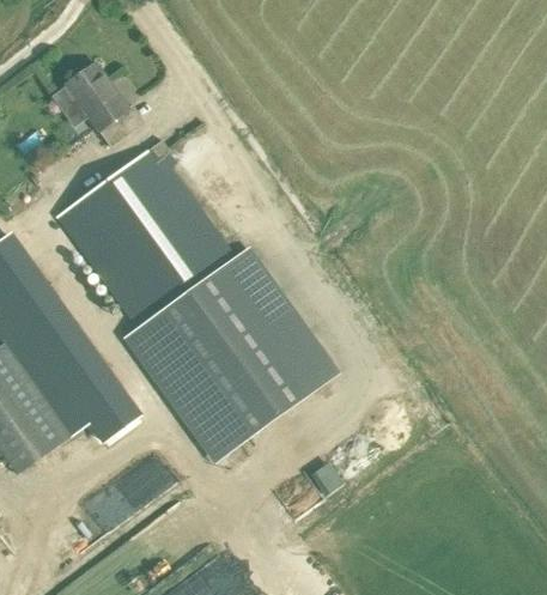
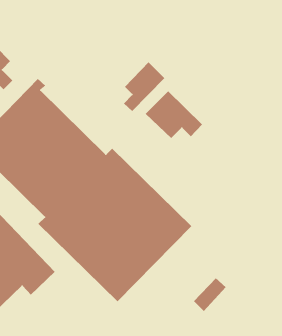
building: none -> [123,62,165,112]
building: none -> [145,90,203,139]

